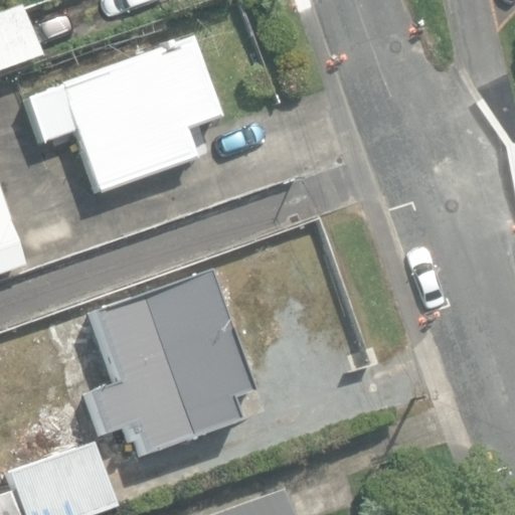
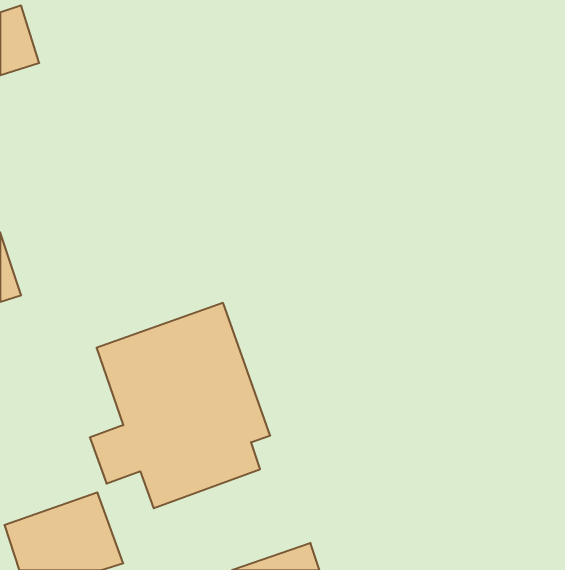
building: [26,41,215,187] -> none

